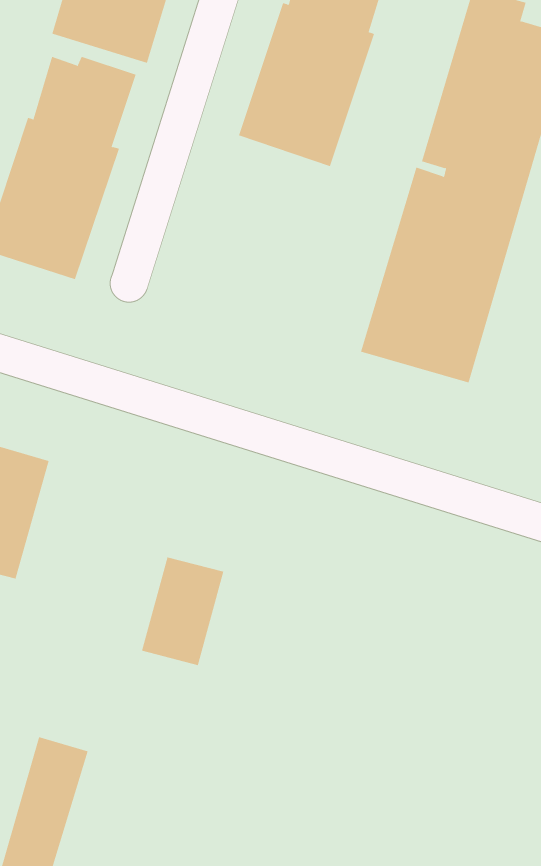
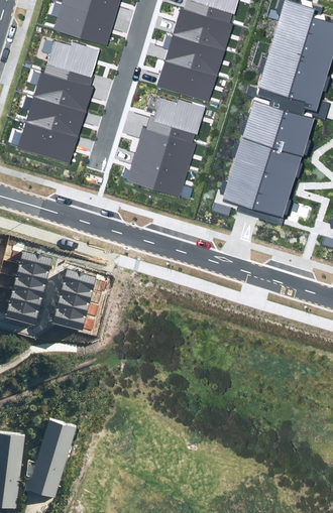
building: none -> [126,98,202,198]
building: [141,557,224,666] -> [51,270,97,330]

